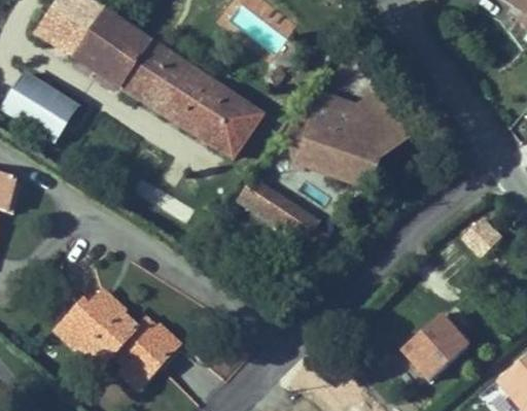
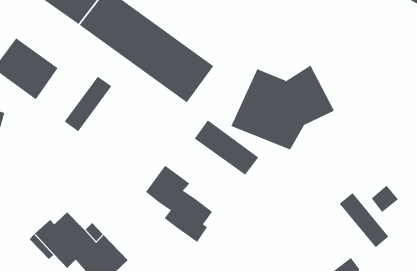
building: none -> [64,76,112,132]
building: none -> [145,165,213,243]
building: none -> [339,192,389,248]

